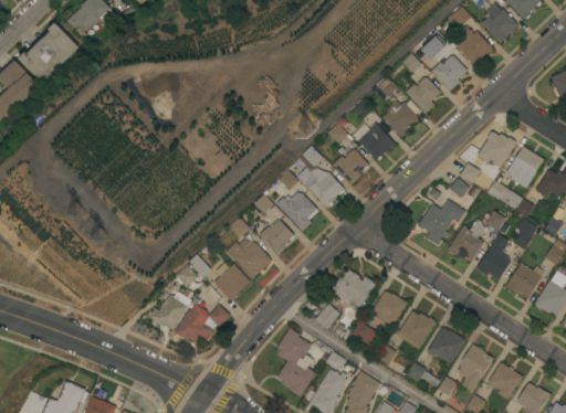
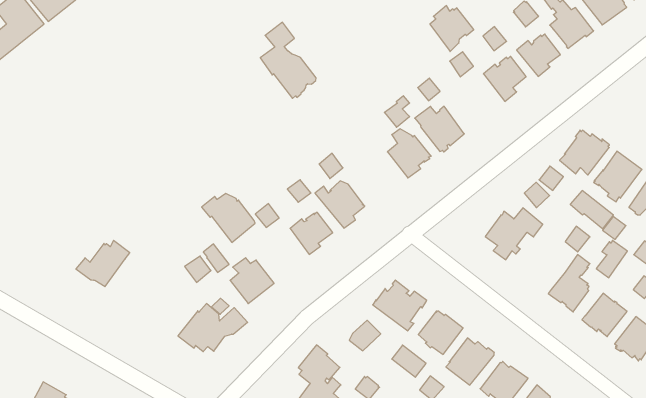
building: [381,99,418,137] -> [430,6,474,52]
building: [295,145,343,206] -> [260,22,316,98]
building: [447,218,483,260] -> none
building: [224,237,270,277] -> [202,194,255,242]
building: [147,290,190,329] -> [76,240,130,287]

